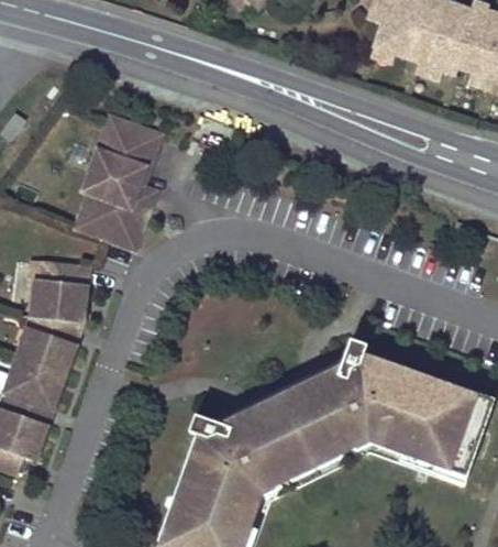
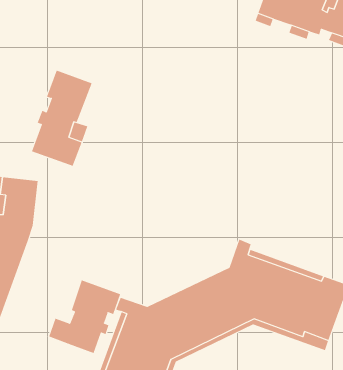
building: none -> [49,279,121,354]

